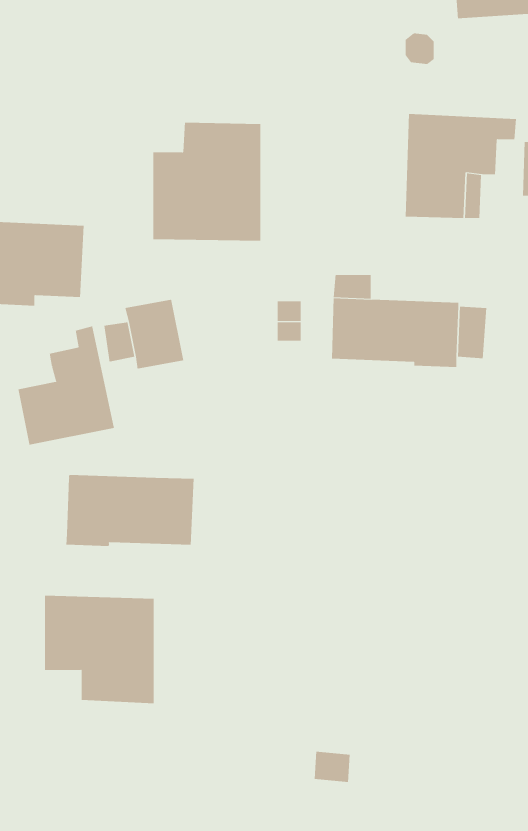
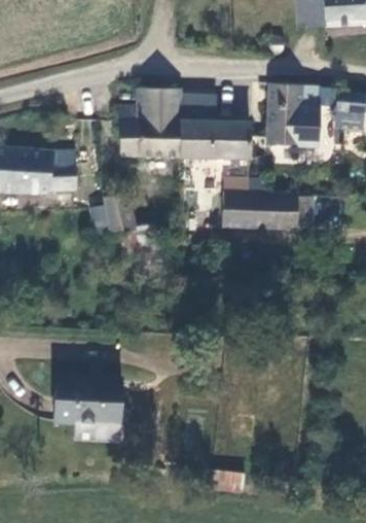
building: none -> [183,95,251,160]
building: [18,326,114,446] -> none
building: [66,474,194,547] -> none

